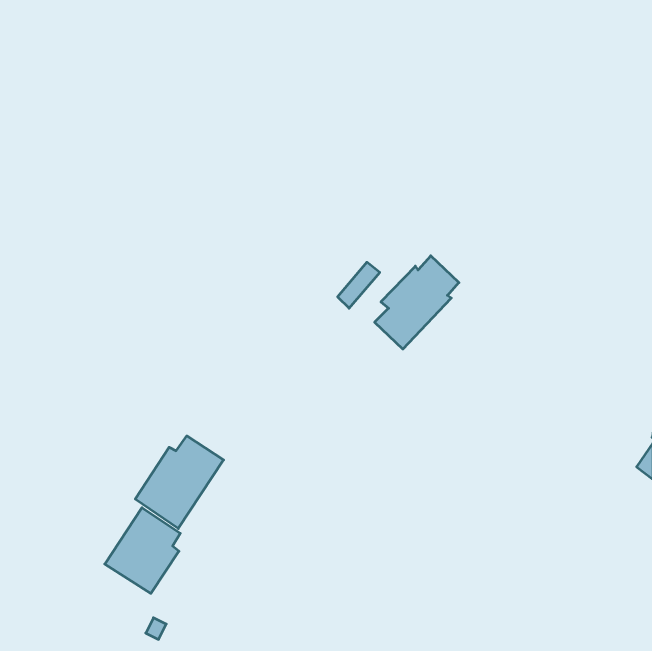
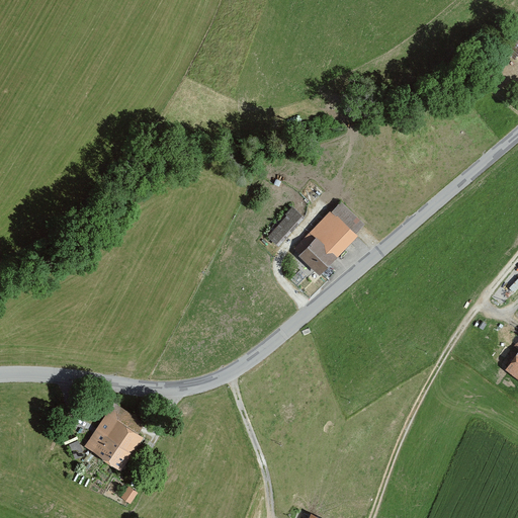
building: [135,436,224,529] -> none

